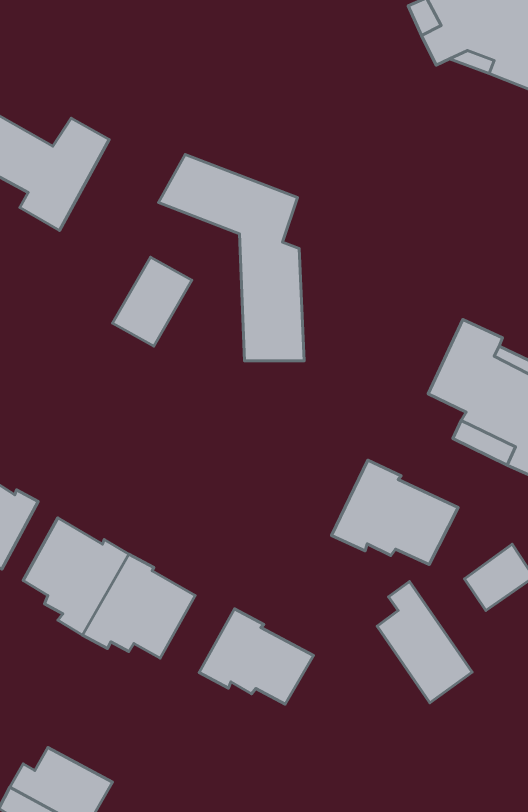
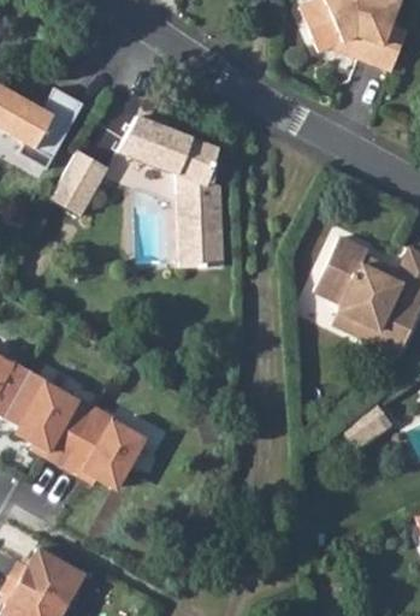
building: [113,257,192,346] -> [51,150,108,215]
building: [332,460,458,565] -> none
building: [377,581,472,703] -> none
building: [199,609,313,704] -> none

